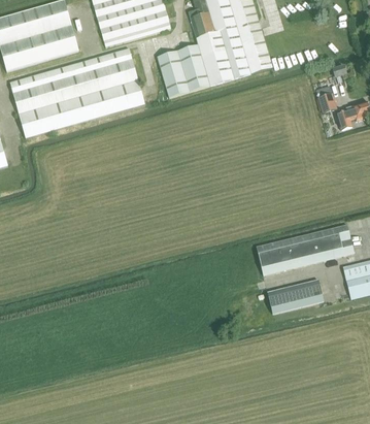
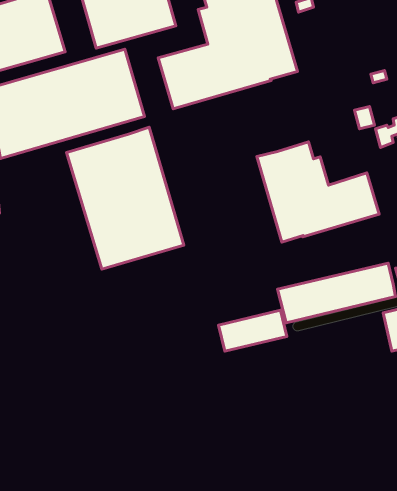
building: none -> [66,127,184,269]
building: none -> [257,142,379,242]
building: [266,279,323,313] -> [219,310,287,351]

